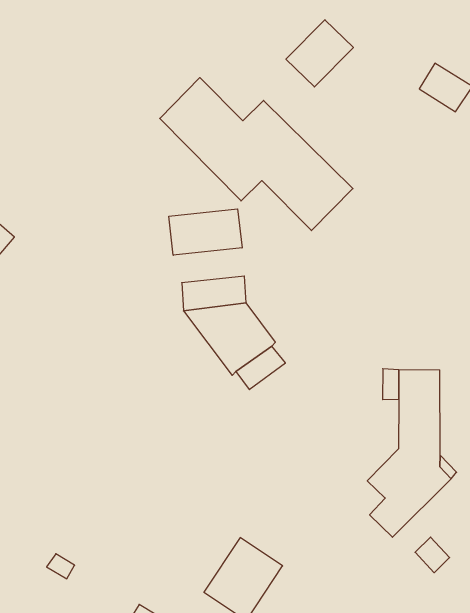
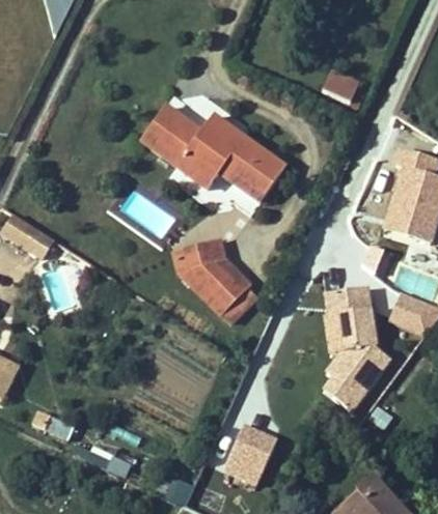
building: [286,20,353,87] -> none
building: [169,209,242,255] -> none

